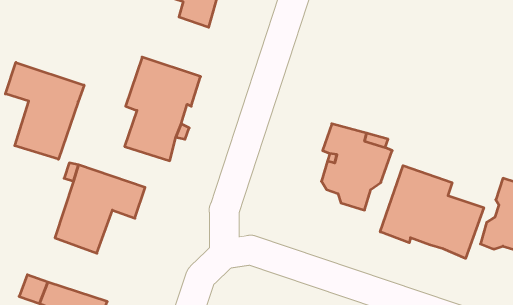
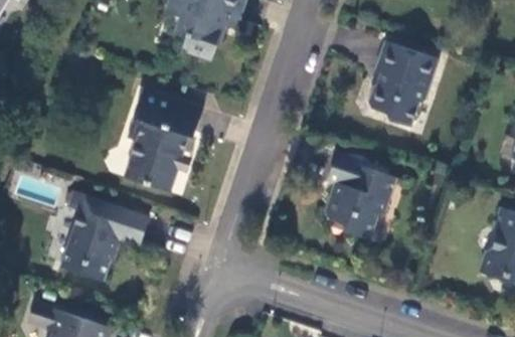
building: none -> [365,40,437,123]
building: [5,62,84,159] -> none
building: [380,166,484,258] -> none

